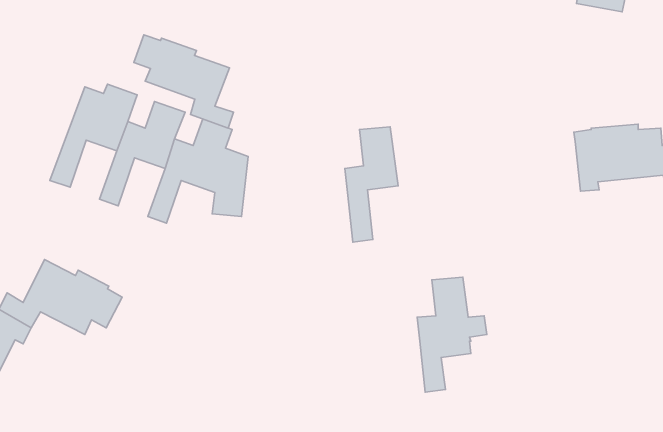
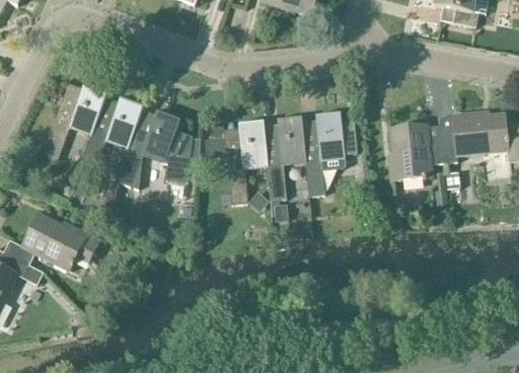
building: [134,35,234,128] -> none
building: none -> [204,118,268,205]
building: none -> [389,125,444,180]
building: [417,277,487,392] -> [304,109,357,197]

